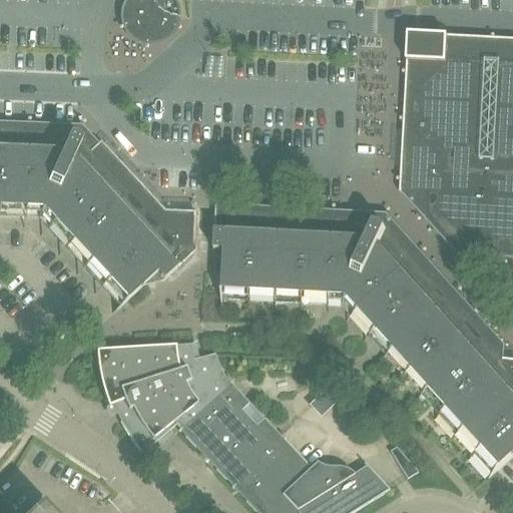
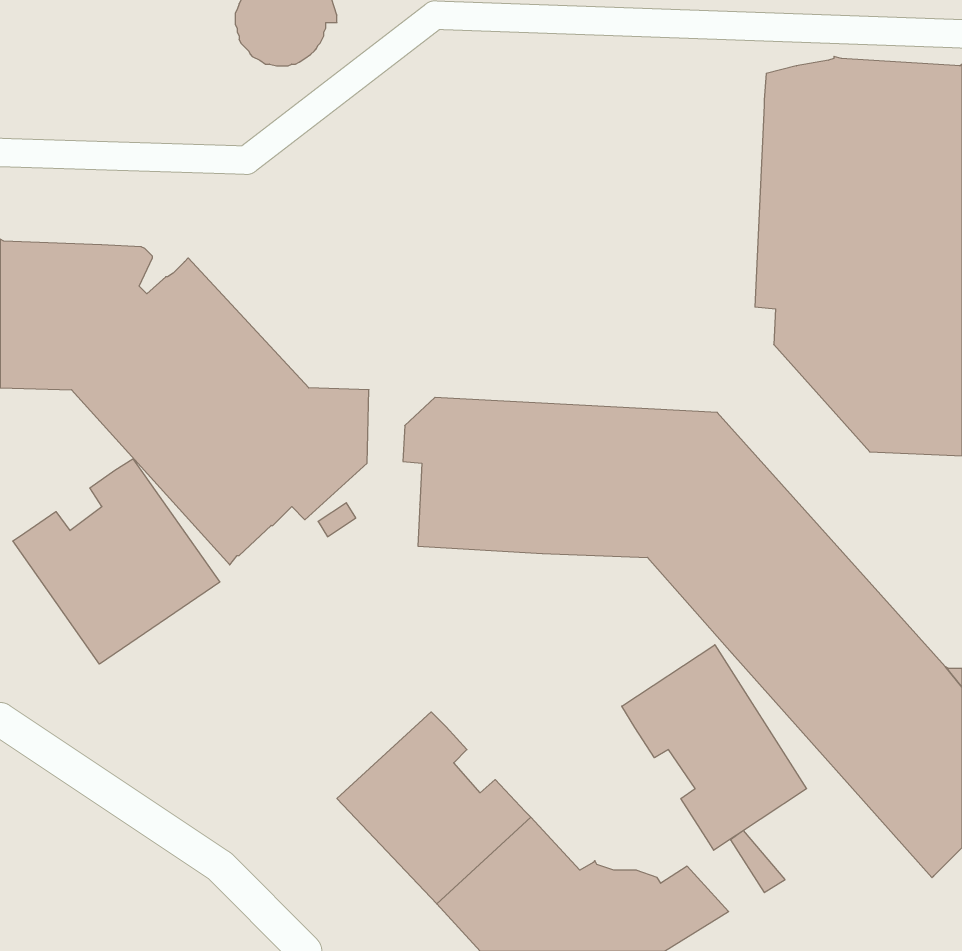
building: none -> [13,459,220,664]
building: [95,331,229,449] -> none
building: none -> [622,645,807,850]

